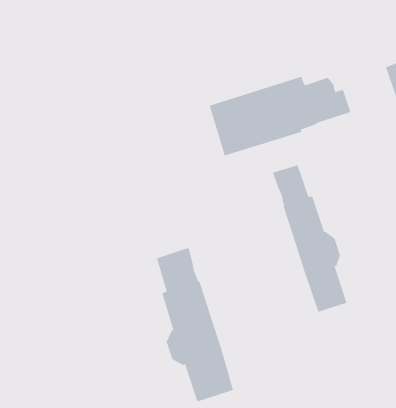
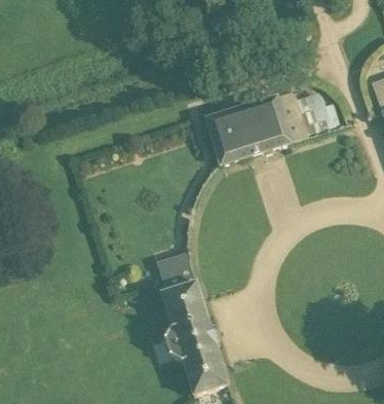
building: [272,164,347,313] -> none

